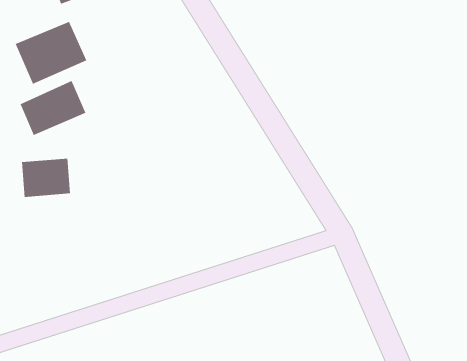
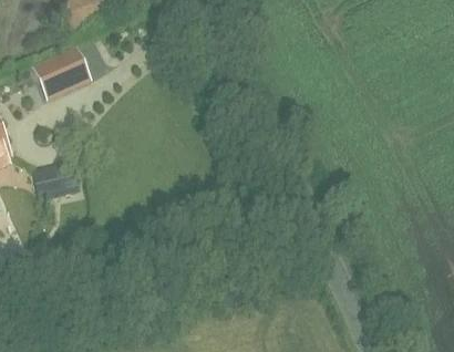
building: [20,80,86,136] -> none

